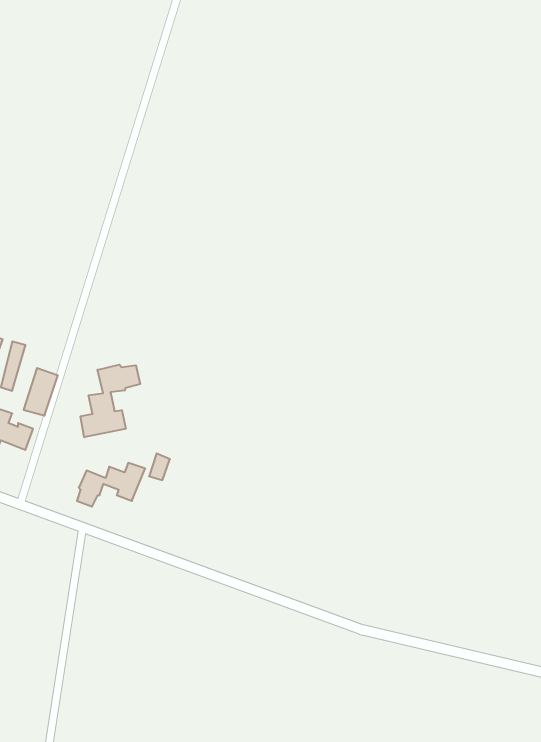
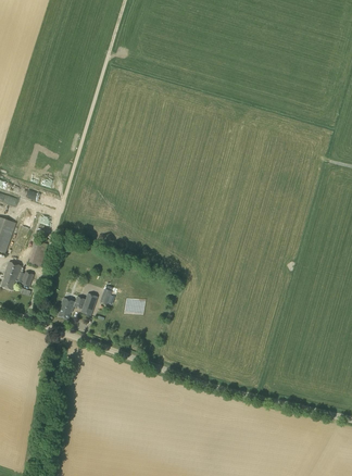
building: [80,365,140,437] -> none

